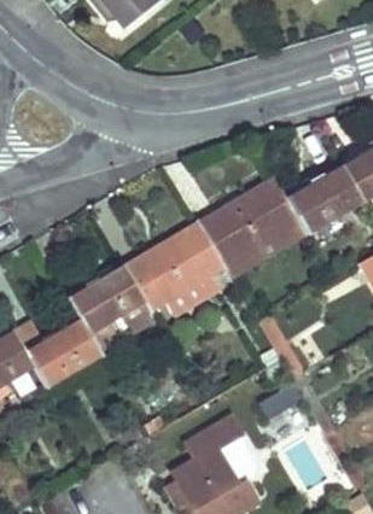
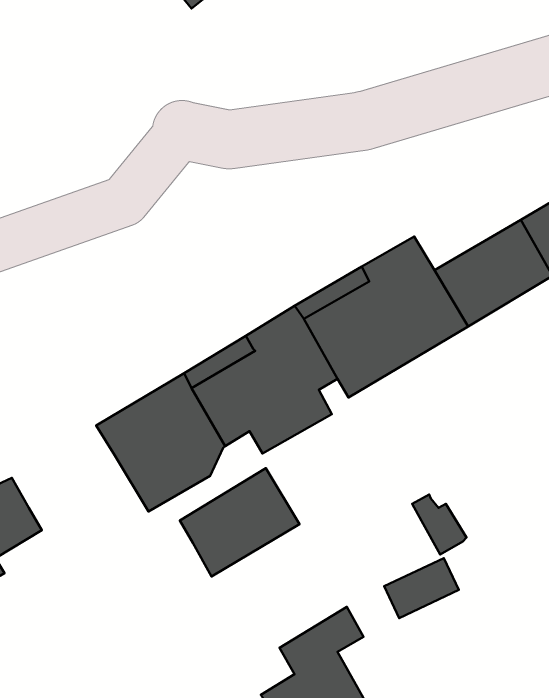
building: [24,317,101,387] -> [180,468,300,577]

